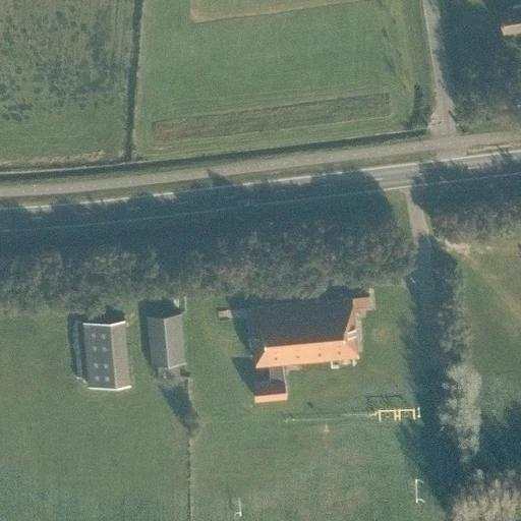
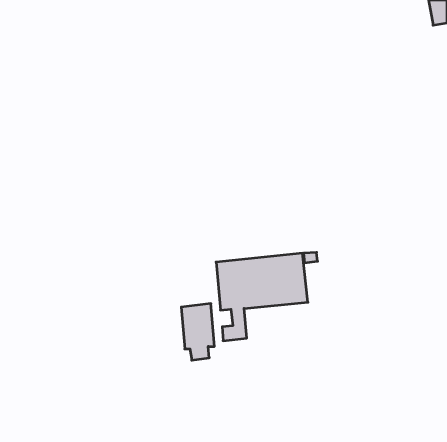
building: [147,315,185,382] -> [181,304,214,360]
building: [83,321,130,390] -> none

